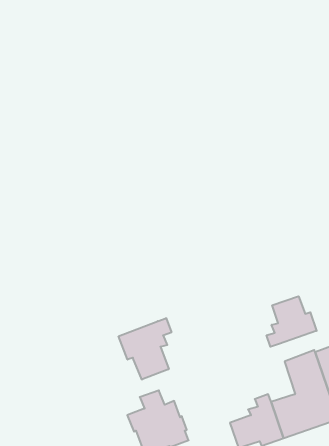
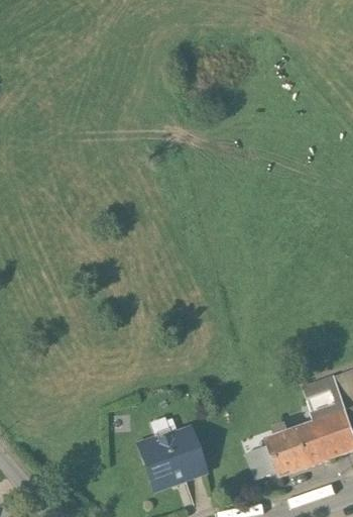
building: [267,296,317,347] -> none
building: [119,318,171,380] -> none

